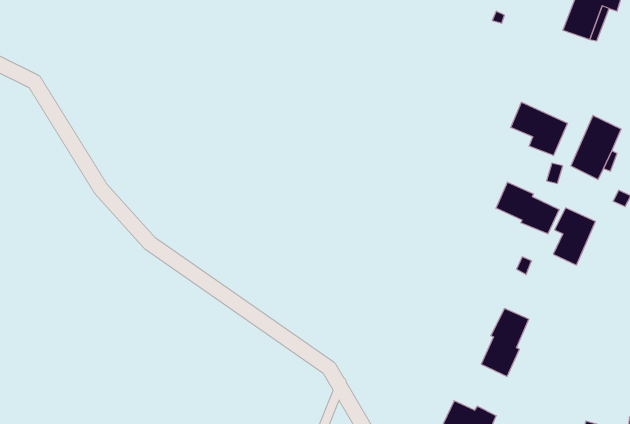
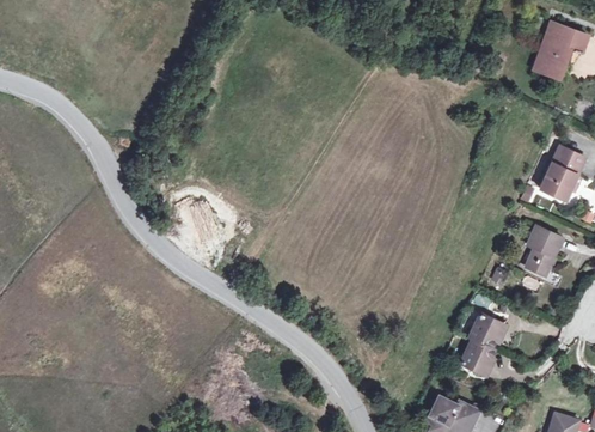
building: [511,102,568,156] -> none
building: [496,182,559,234] -> none

